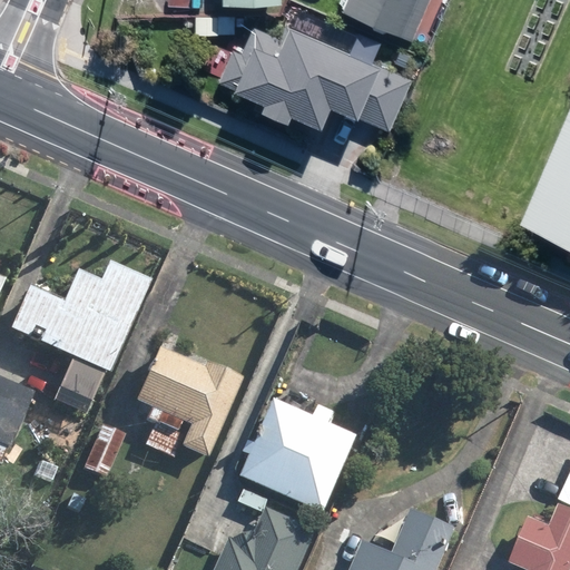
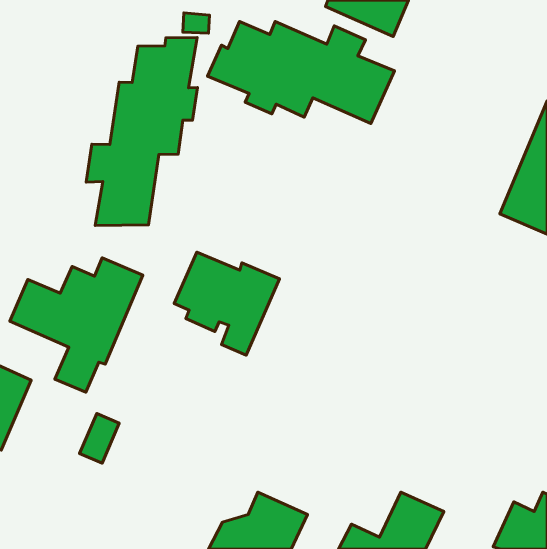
building: none -> [86,38,197,226]
building: [132,353,242,460] -> [174,252,279,355]
building: [244,400,361,518] -> none

